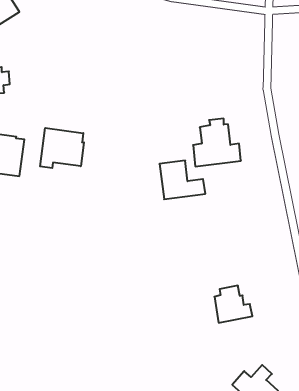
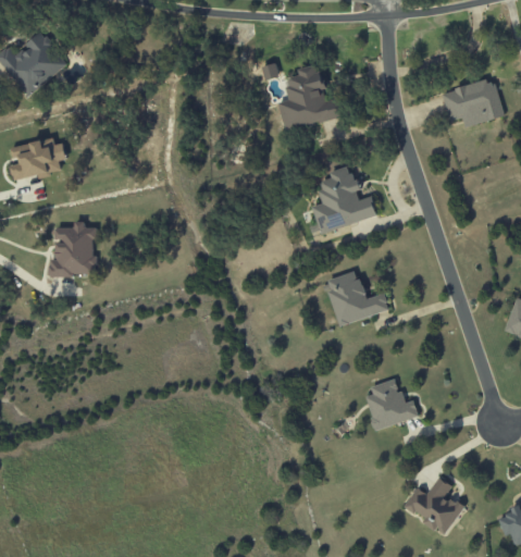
building: none -> [281,63,342,127]
building: [40,128,84,168] -> none
building: [159,161,205,199] -> [326,271,390,324]

